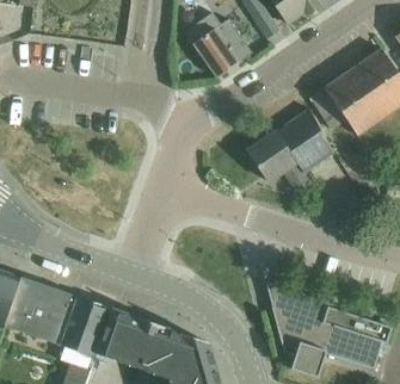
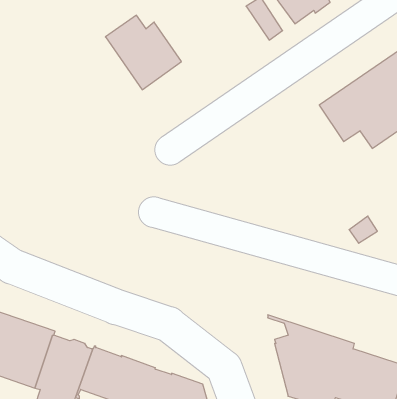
building: [185,13,252,79] -> [105,15,181,90]
building: [247,109,333,193] -> none

